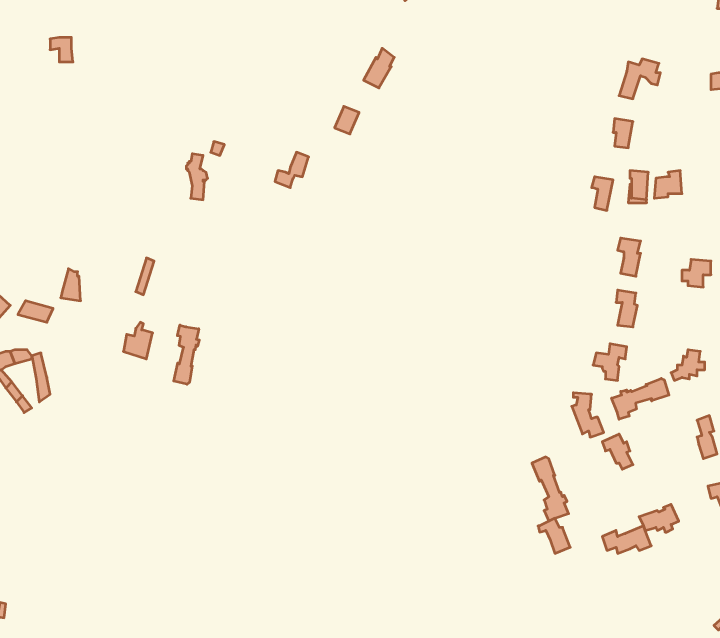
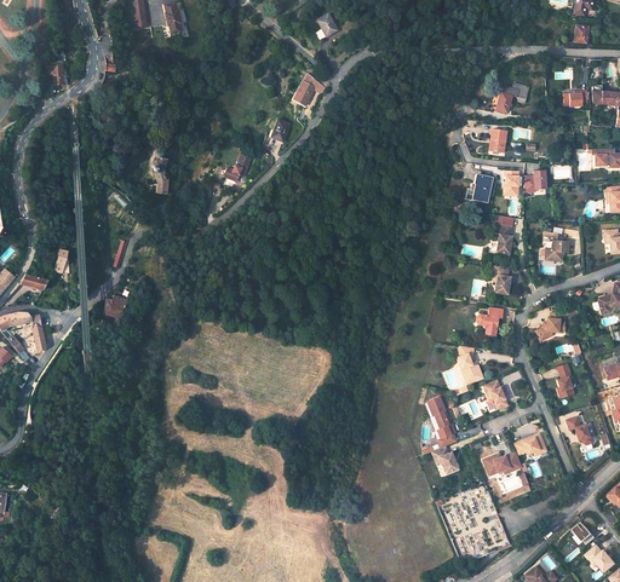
building: [174,325,199,384] -> none
building: [612,378,669,419] -> none

